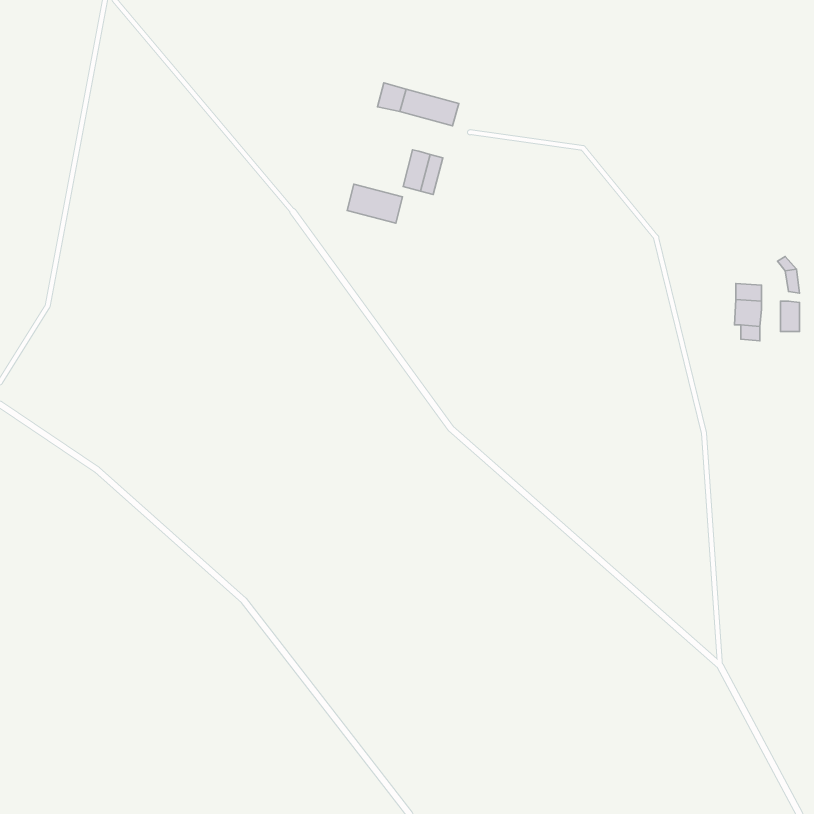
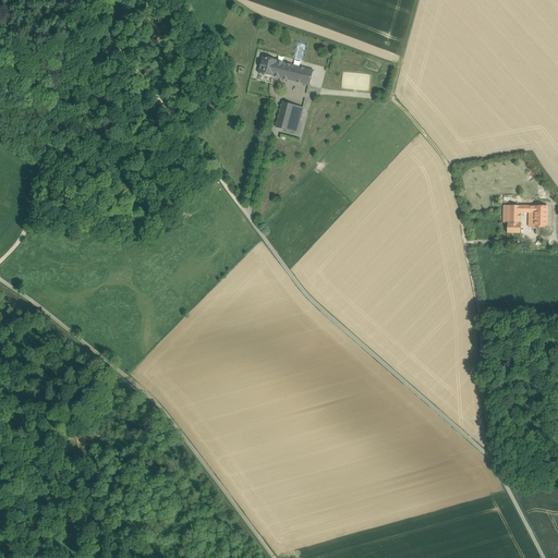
building: [347,184,402,223] -> none

